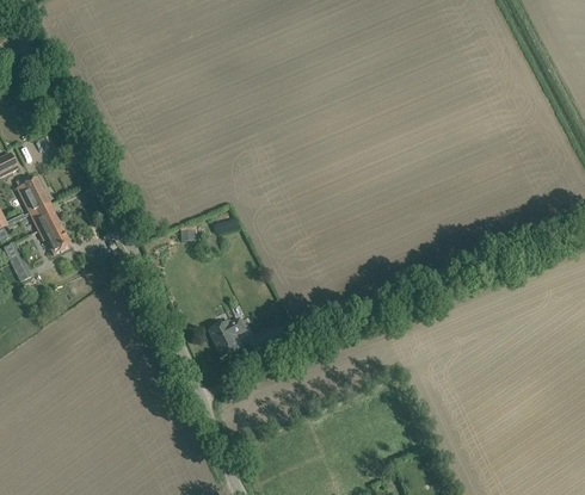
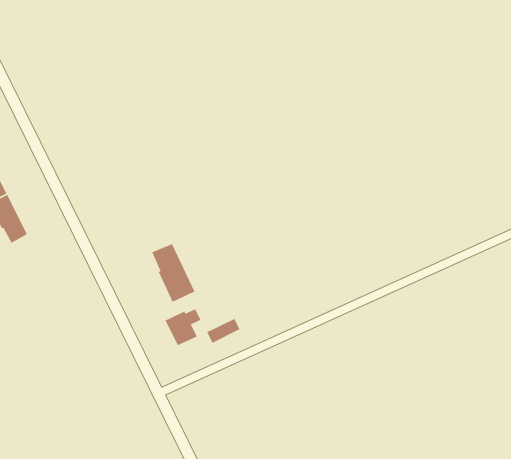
building: none -> [151,243,195,303]

